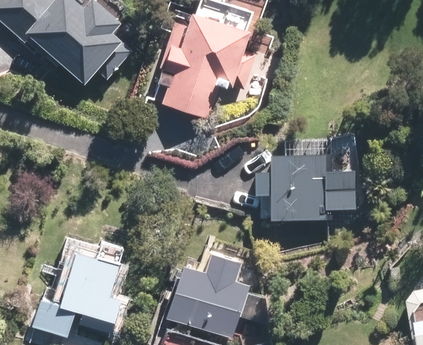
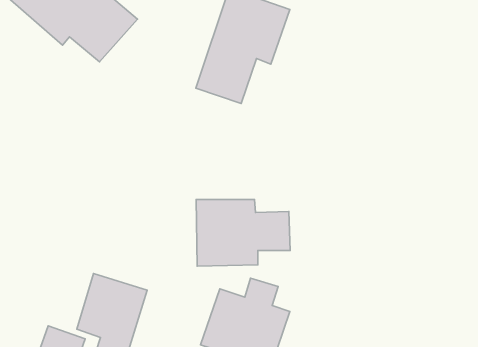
building: [274,159,353,215] -> [196,199,290,266]

